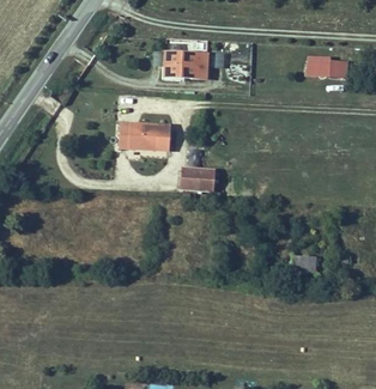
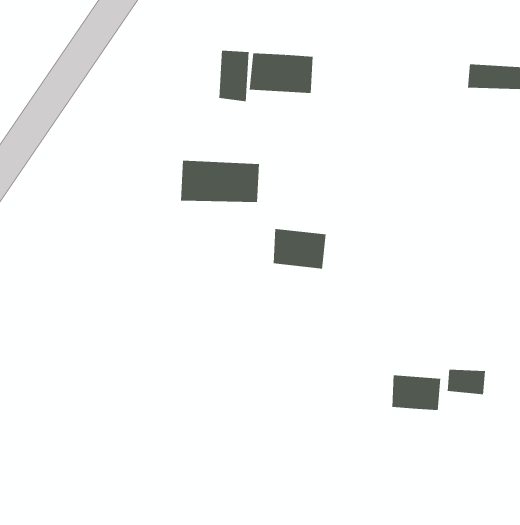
building: none -> [219,50,249,102]
building: none -> [392,374,441,411]

